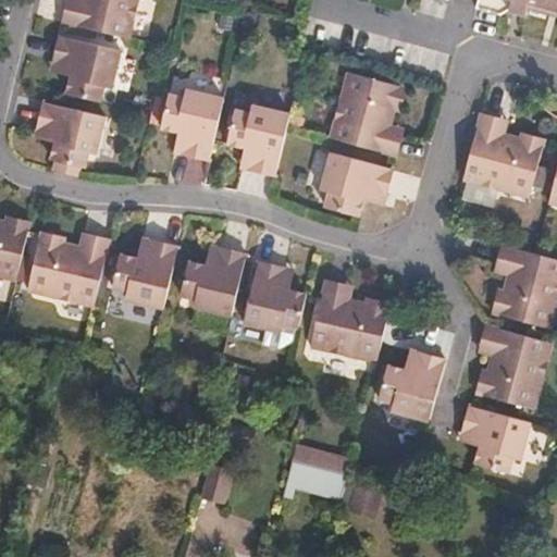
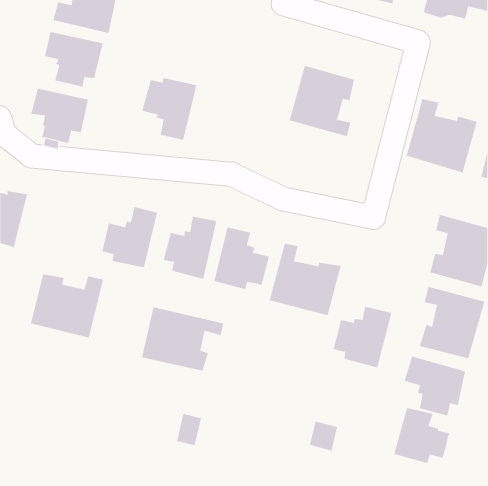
building: [226,103,290,175] -> none
building: [319,153,392,219] -> none
building: [27,231,111,304] -> [30,274,104,338]
building: none -> [141,307,224,372]
building: [283,457,347,497] -> none
building: none -> [394,407,450,464]

